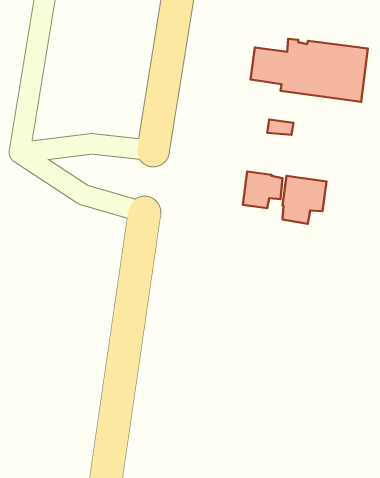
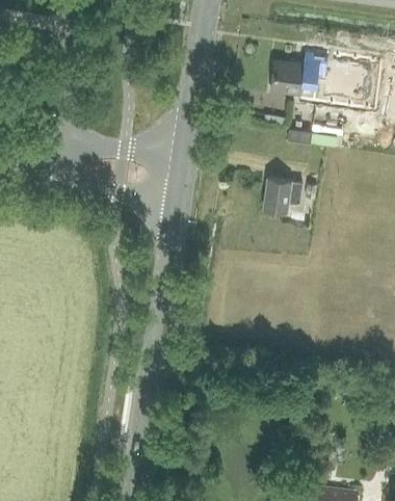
building: [282,176,326,224] -> none

